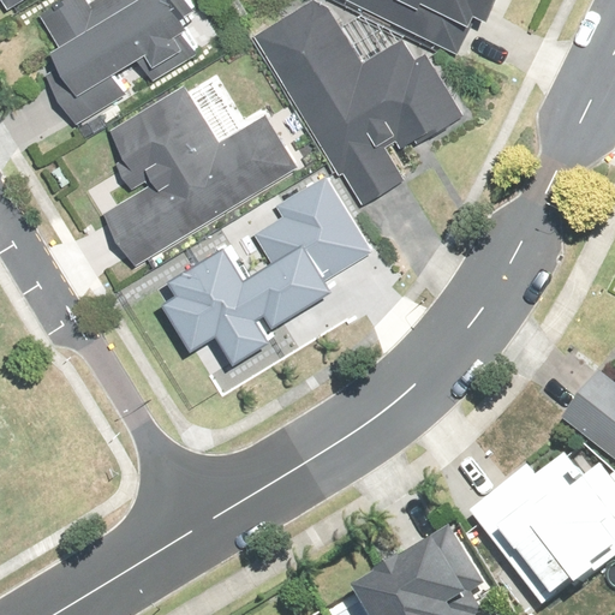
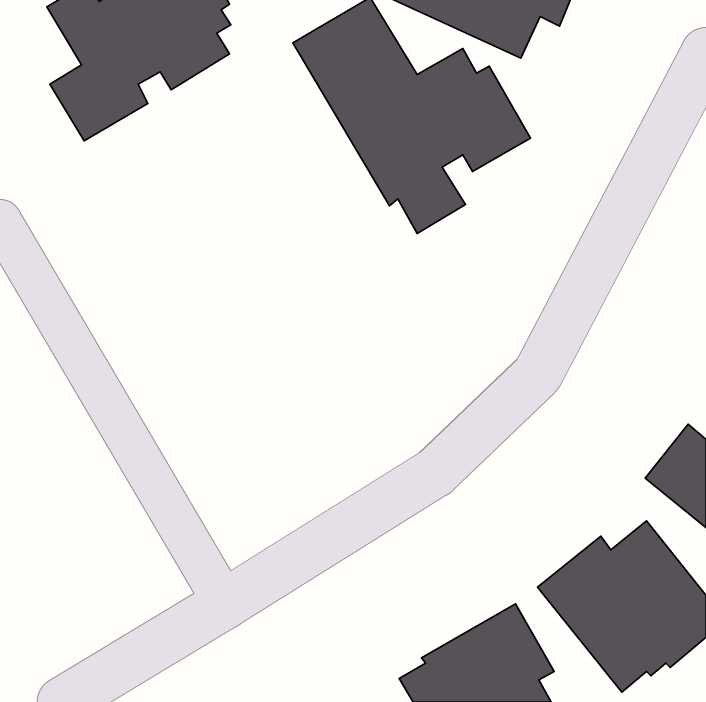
building: [109,83,305,263] -> none
building: [166,173,369,360] -> none

